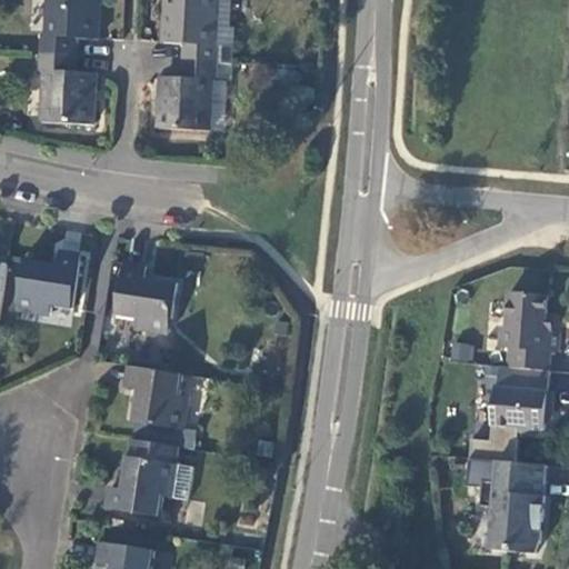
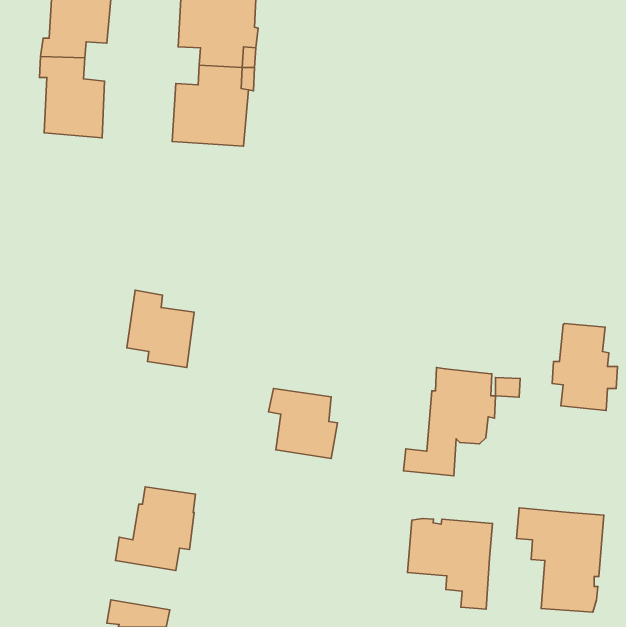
building: [16,253,80,313] -> none
building: [124,366,187,429] -> [268,388,337,458]
building: [469,366,552,463] -> [403,368,496,476]
building: none -> [407,518,492,609]

